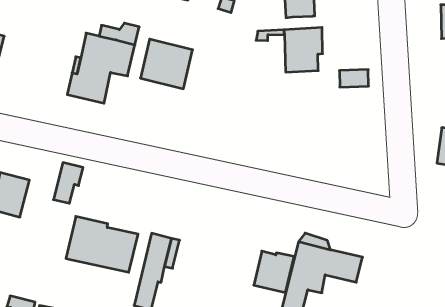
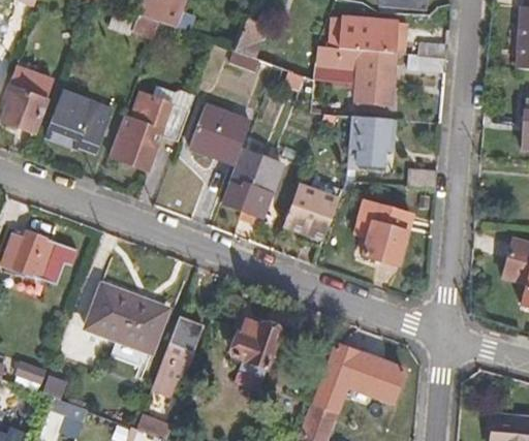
building: none -> [44,90,112,152]
building: none -> [223,151,281,220]
building: none -> [283,185,339,241]
building: none -> [354,202,408,264]
building: [53,163,83,203] -> [42,240,79,284]
building: [254,251,294,292] -> [235,318,282,366]

